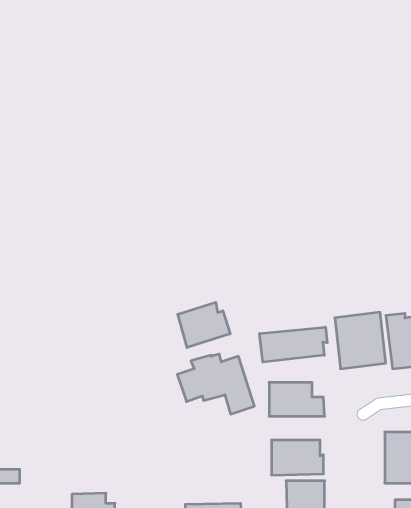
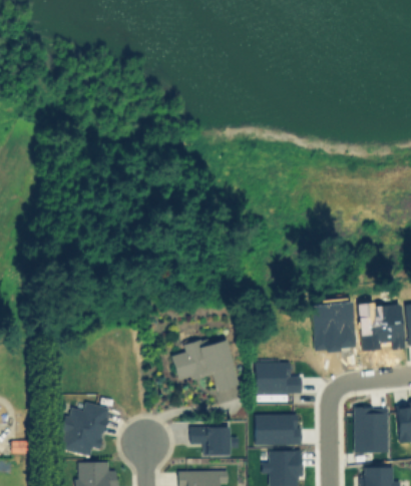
building: [178,302,230,348] -> none
building: [260,327,327,362] -> none
building: none -> [60,403,109,457]
building: none -> [189,428,230,455]

